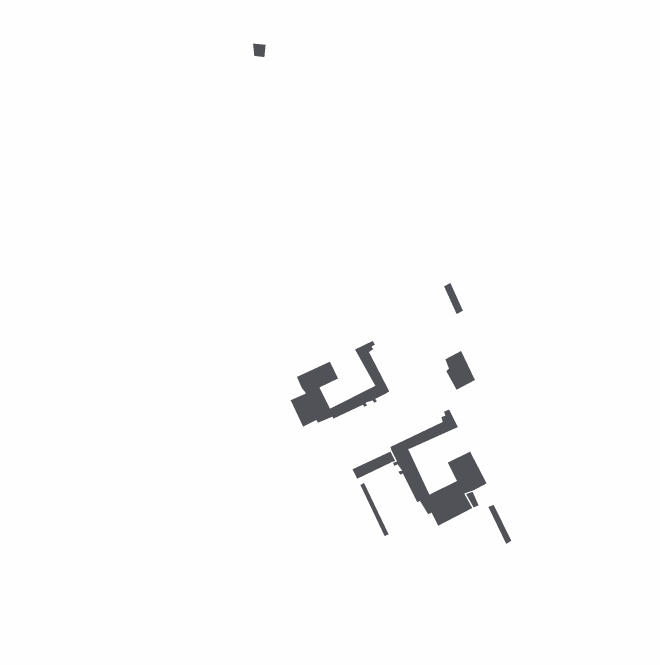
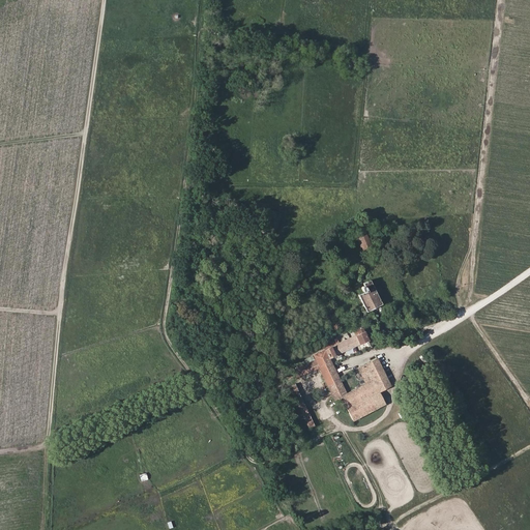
building: [290,340,390,427] -> none

